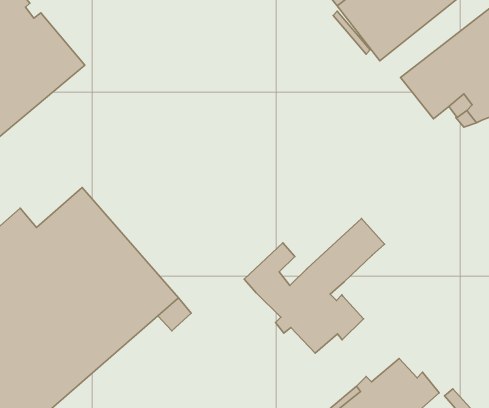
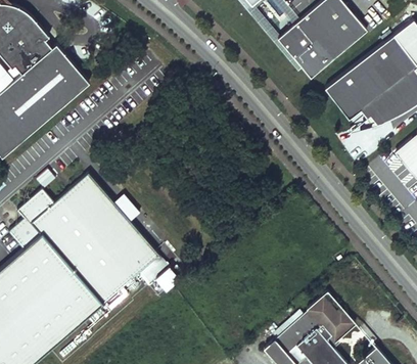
building: [244,218,385,353] -> none

